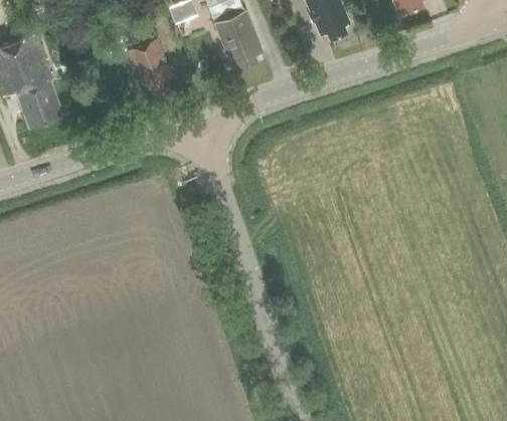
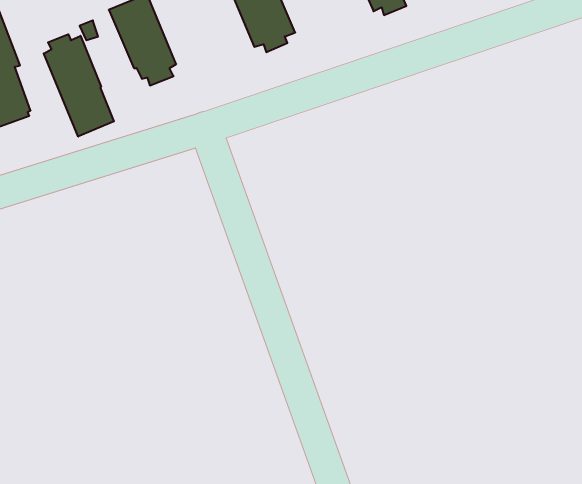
building: none -> [44,34,114,137]

